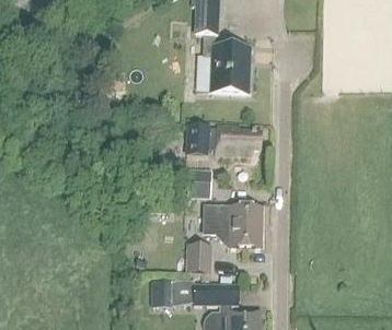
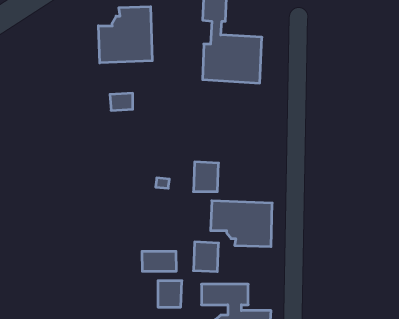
building: none -> [98,7,152,63]
building: [186,126,260,155] -> none
building: none -> [142,251,176,271]

